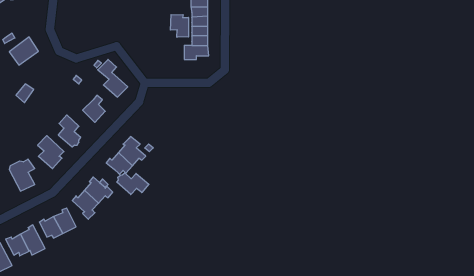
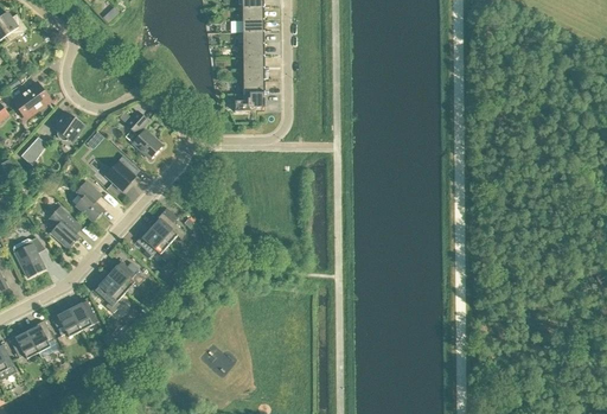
building: [170,15,188,37] -> none
building: none -> [52,109,84,140]
building: [117,173,149,195] -> none

